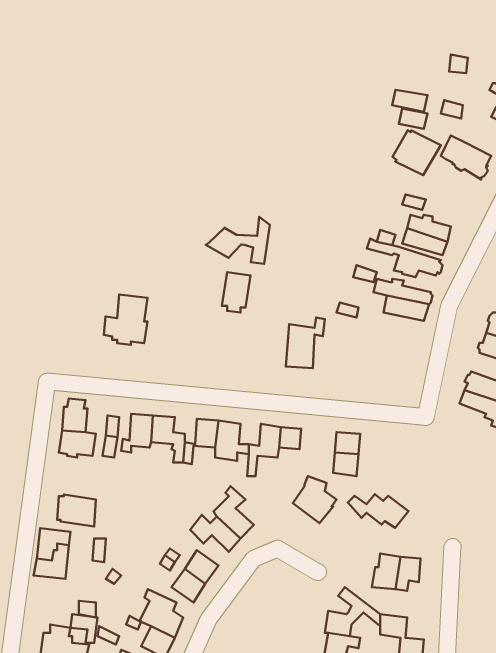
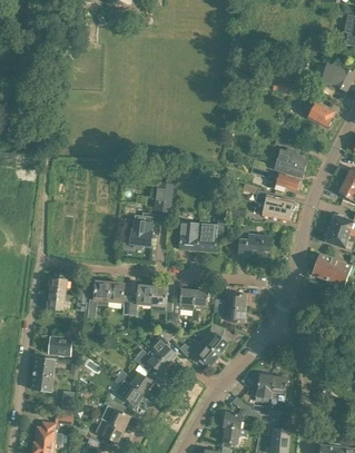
building: [393,130,441,175] -> none
building: [206,217,270,264] -> none
building: [104,294,148,345] -> [124,214,152,247]
building: none -> [178,221,199,250]
building: none -> [238,228,270,255]
building: [348,494,409,528] -> [179,343,219,365]

